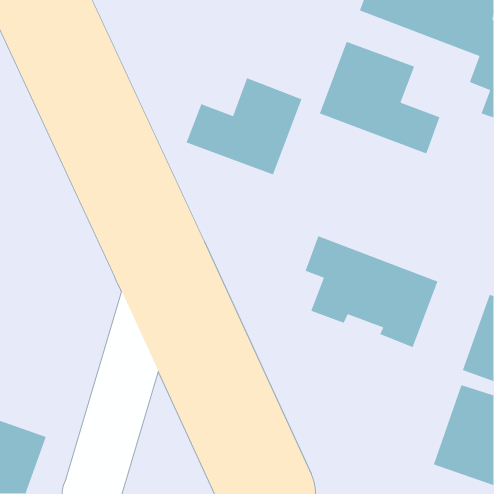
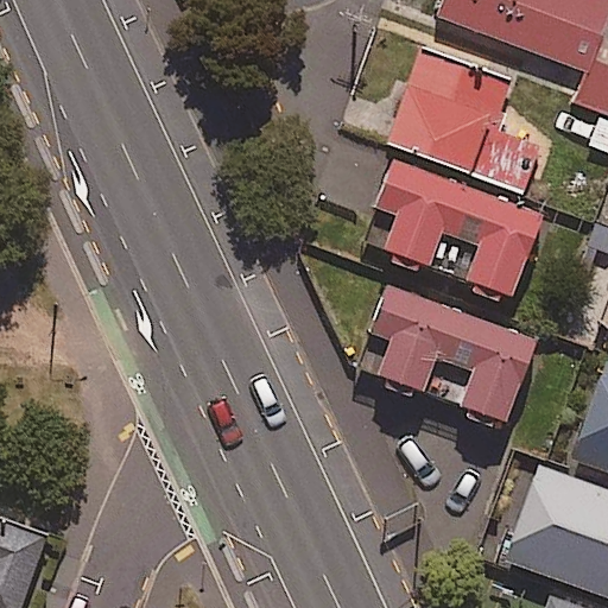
building: [185,77,302,175] -> none
building: none -> [380,162,542,298]

